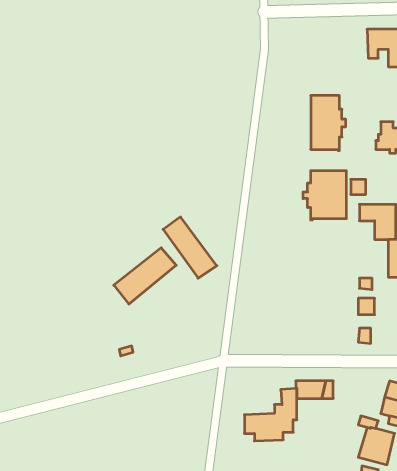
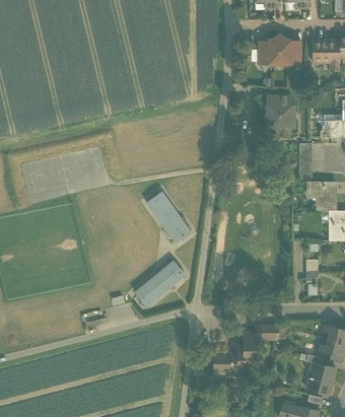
building: none -> [257,37,301,65]
building: [303,171,346,220] -> none
building: [114,248,176,304] -> [134,262,185,307]

